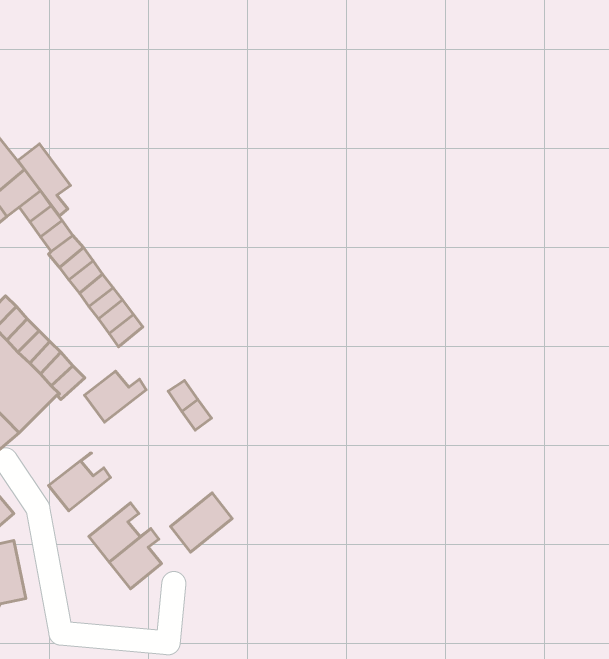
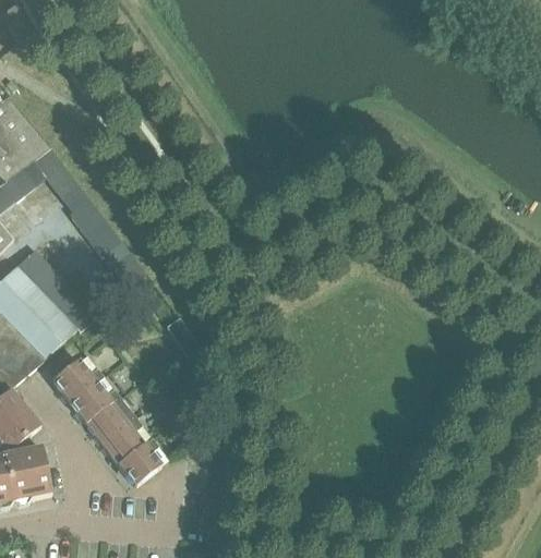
building: [18,144,70,216] -> none
building: [84,371,146,422] -> [51,360,101,401]
building: [170,493,232,552] -> [84,395,134,442]

